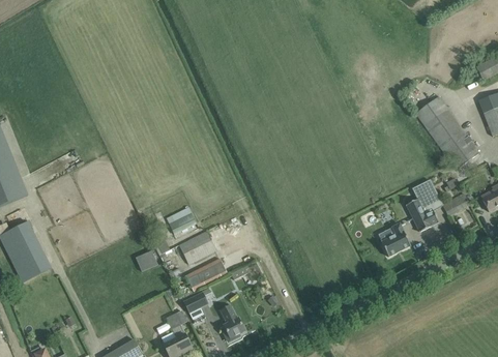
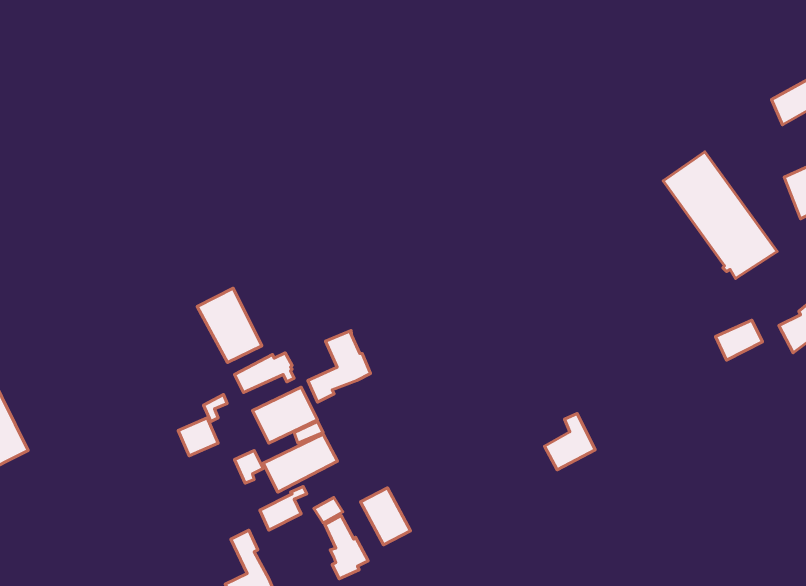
building: none -> [197,288,262,363]
building: [406,178,442,230] -> none
building: none -> [308,331,370,402]
building: [381,222,410,255] -> [545,414,595,470]
building: none -> [360,488,410,545]

